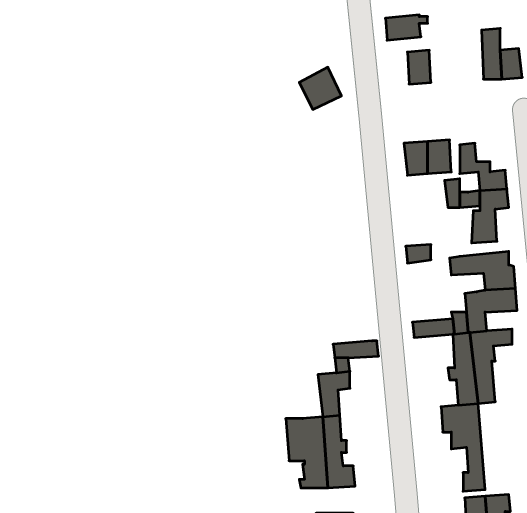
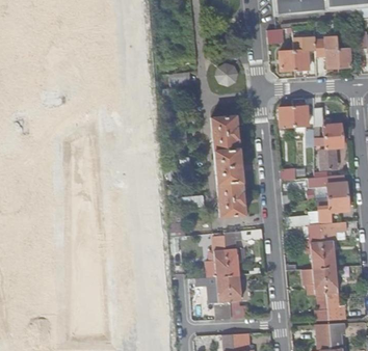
building: none -> [294,37,316,70]
building: none -> [212,115,245,216]
building: none -> [210,237,229,276]
building: none -> [324,266,345,320]

